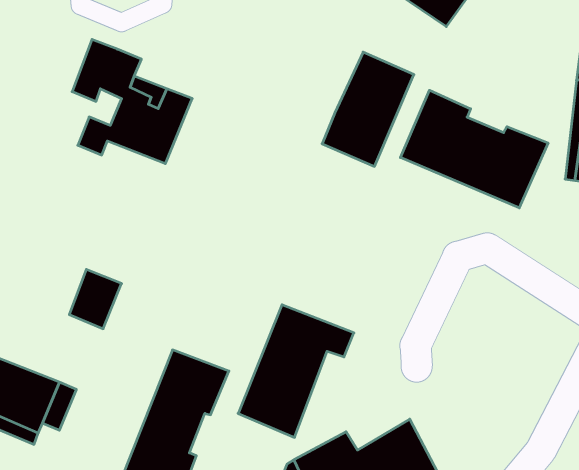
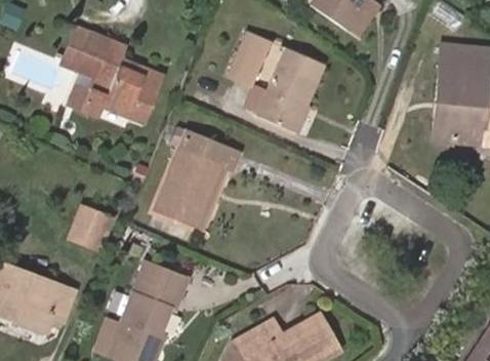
building: none -> [230,29,272,84]
building: [400,90,548,208] -> none
building: [238,305,354,437] -> [156,129,240,226]

